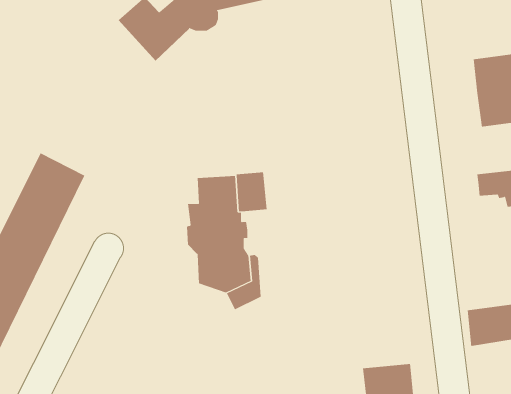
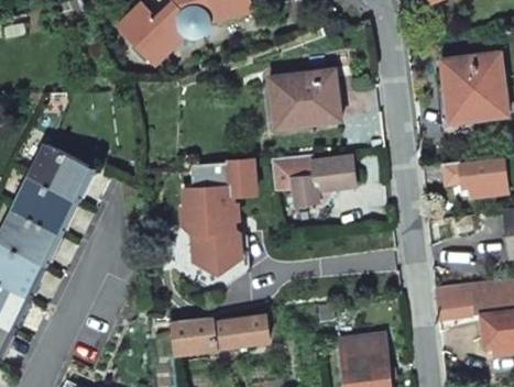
building: none -> [271,69,340,128]
building: none -> [270,155,356,207]
building: none -> [172,318,270,353]

